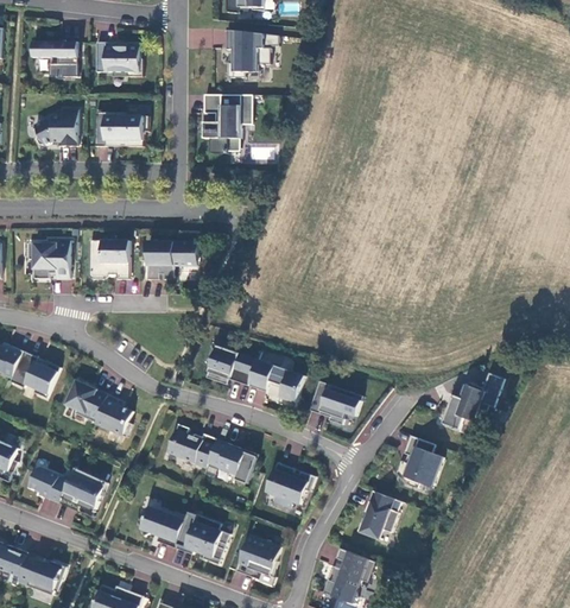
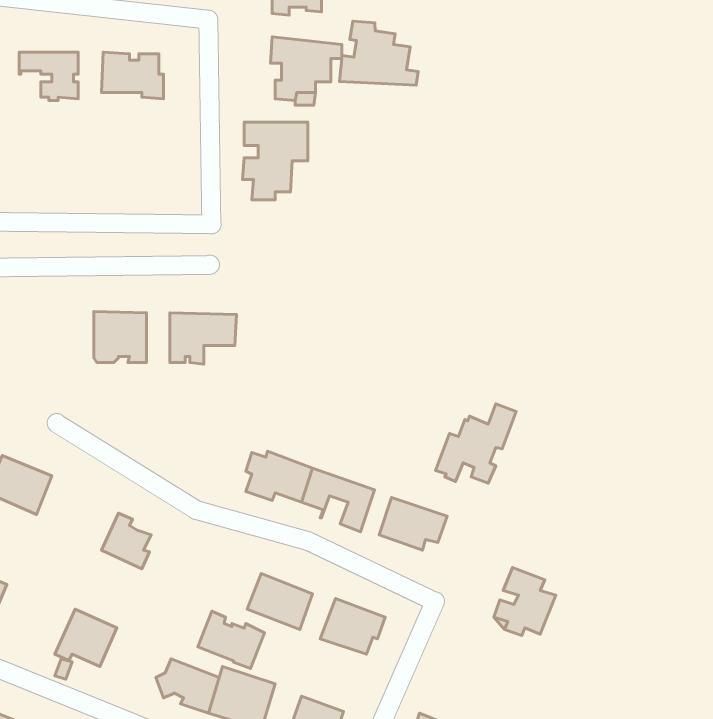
building: none -> [340,21,418,85]
building: [32,107,76,145] -> none
building: [94,110,148,145] -> none
building: [27,239,69,277] -> none
building: [442,372,504,432] -> [435,404,516,483]
building: [64,379,108,422] -> none
building: [166,423,217,467] -> [198,611,264,668]
building: [27,466,69,501] -> none
building: [356,489,404,538] -> none

